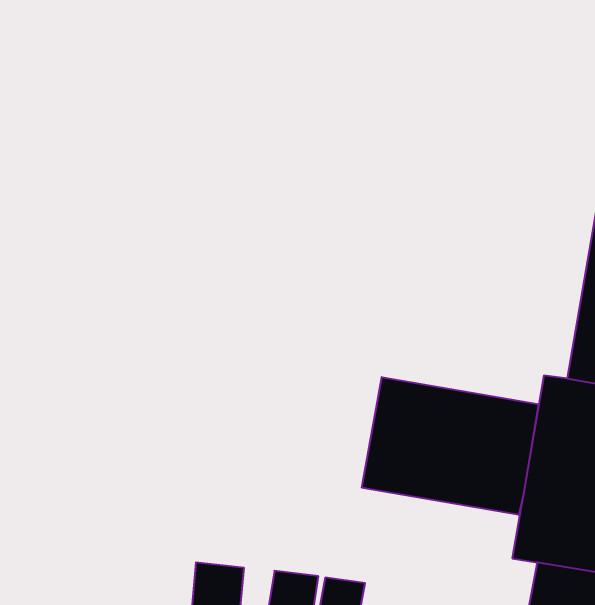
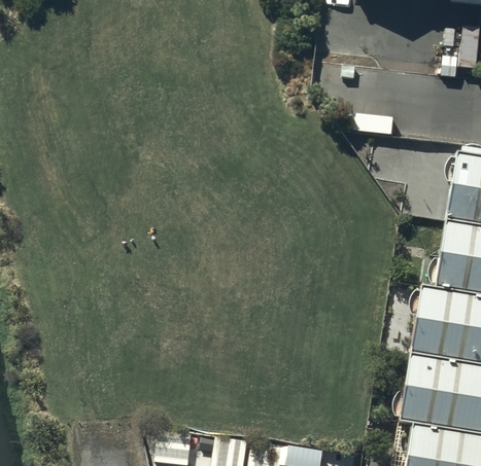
building: [362,377,539,515] -> none

